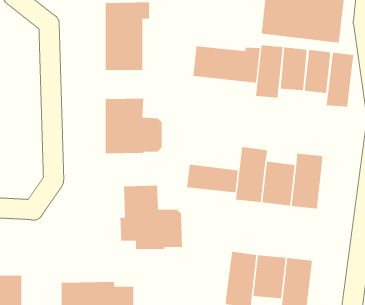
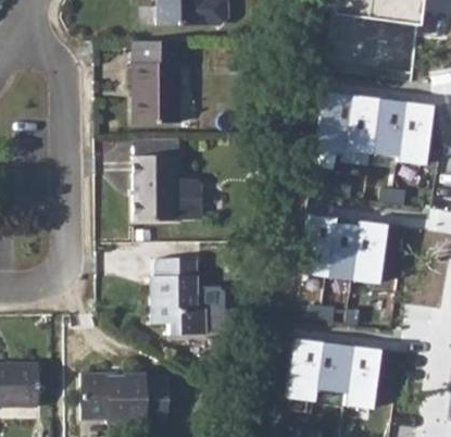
building: [193,45,260,83] -> none
building: [186,164,239,193] -> none

